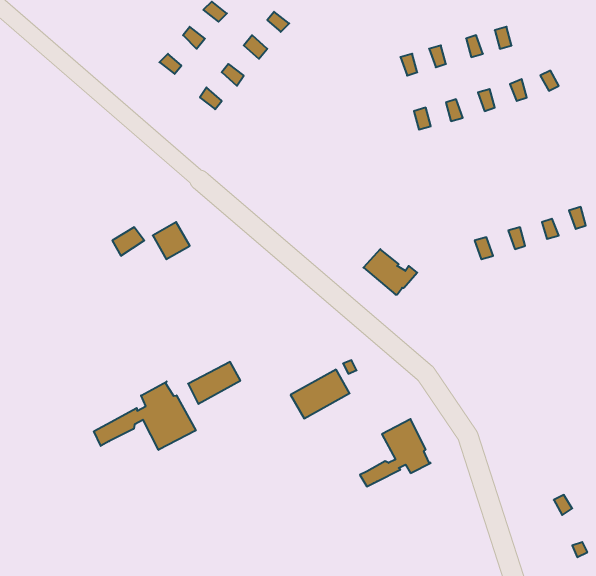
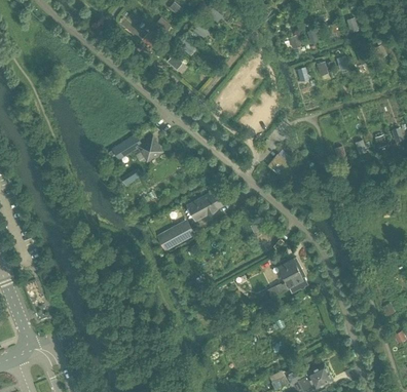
building: [291,370,350,418] -> [184,192,220,222]
building: [94,381,196,450] -> none

